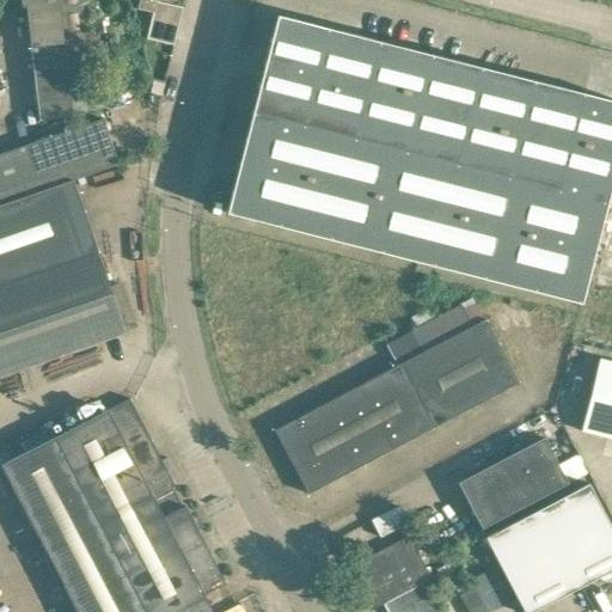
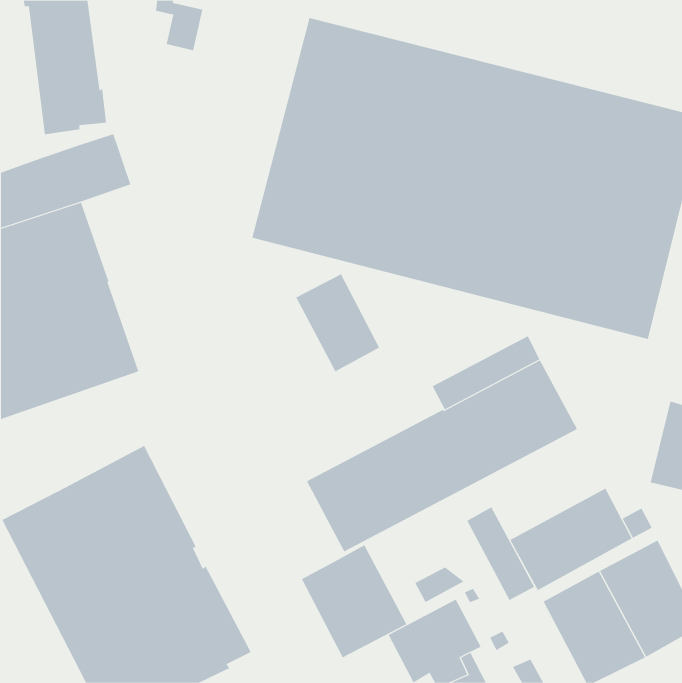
building: none -> [296,274,380,372]
building: none -> [466,506,535,601]
building: none -> [301,545,407,658]

